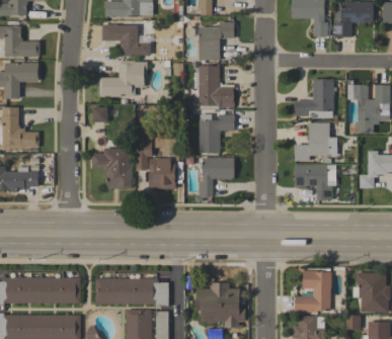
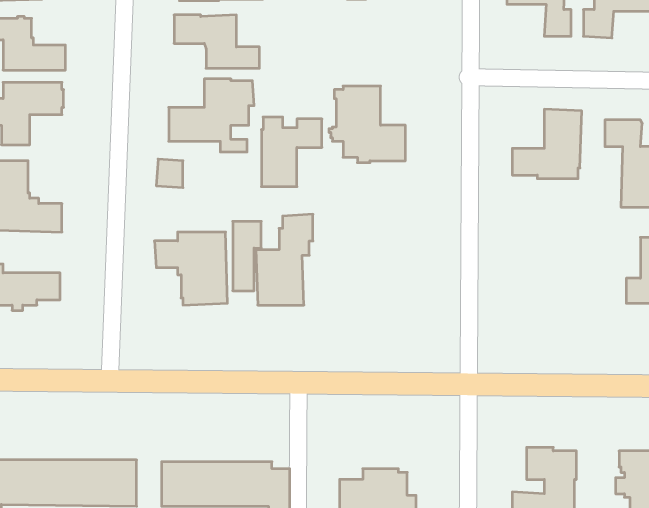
building: [199,21,234,60] -> none
building: [200,113,234,153] -> [261,117,322,187]
building: [295,122,337,161] -> none
building: [199,157,234,196] -> none
building: [295,165,335,199] -> none

